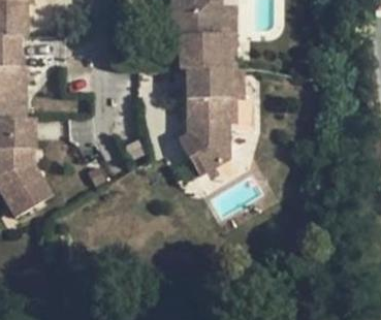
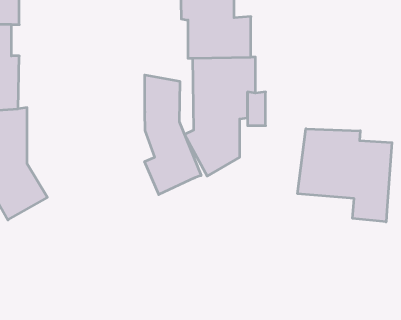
building: none -> [145,75,201,195]
building: none -> [298,129,392,222]

